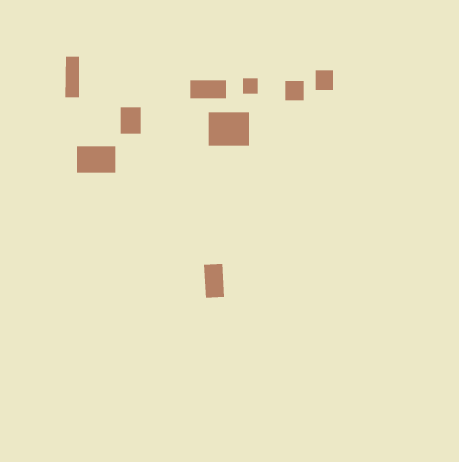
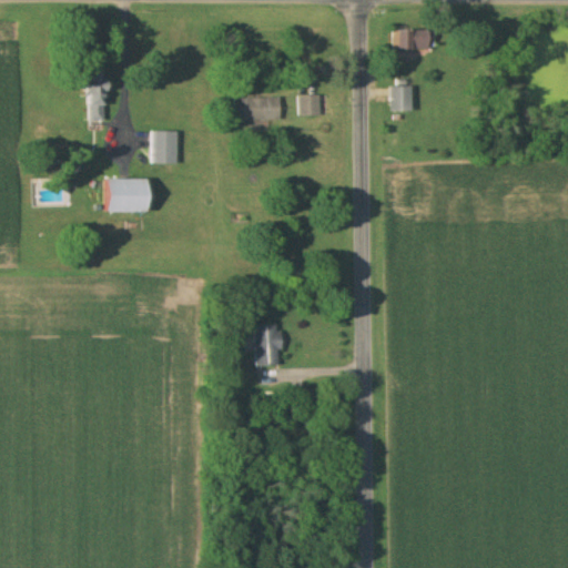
building: none -> [394,29,427,49]
building: [285,80,304,101] -> none
building: [208,111,249,146] -> none

